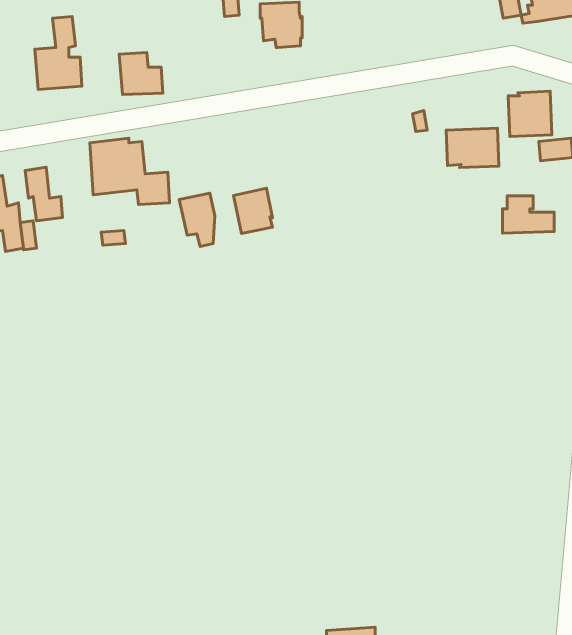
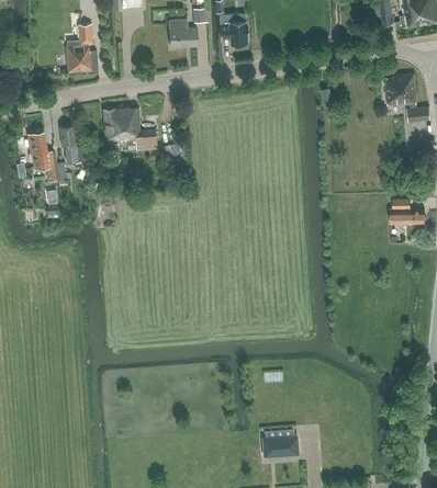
building: [119,53,163,95] -> [168,18,198,46]
building: [446,128,499,167] -> none
building: [233,188,273,234] -> none
building: [502,196,554,233] -> [390,198,425,224]

